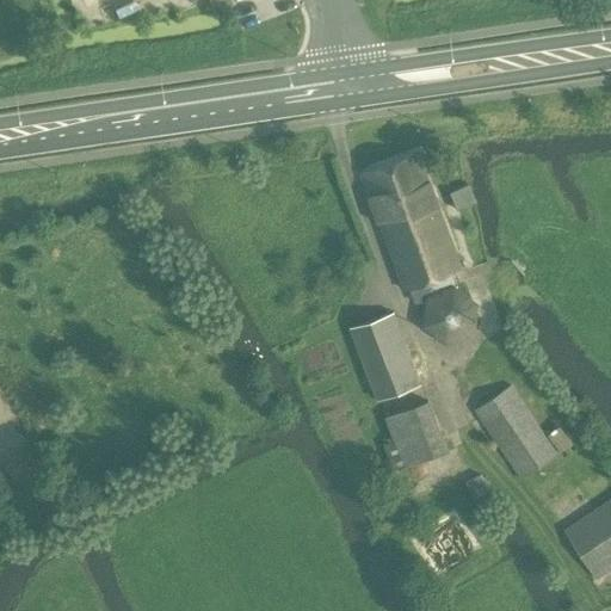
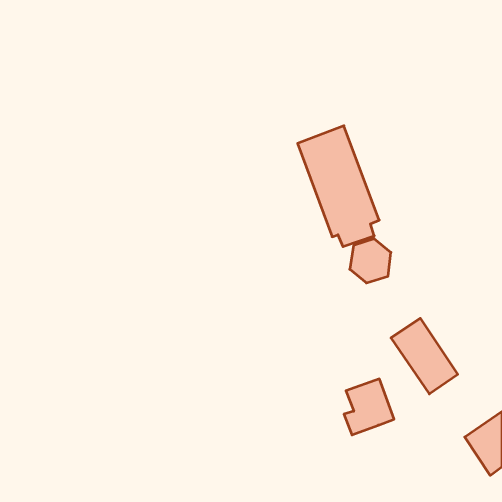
building: [351,313,419,400] -> none
building: [384,402,445,470] -> [344,379,394,435]

